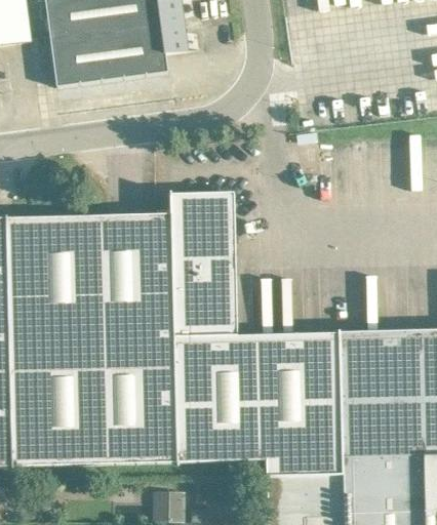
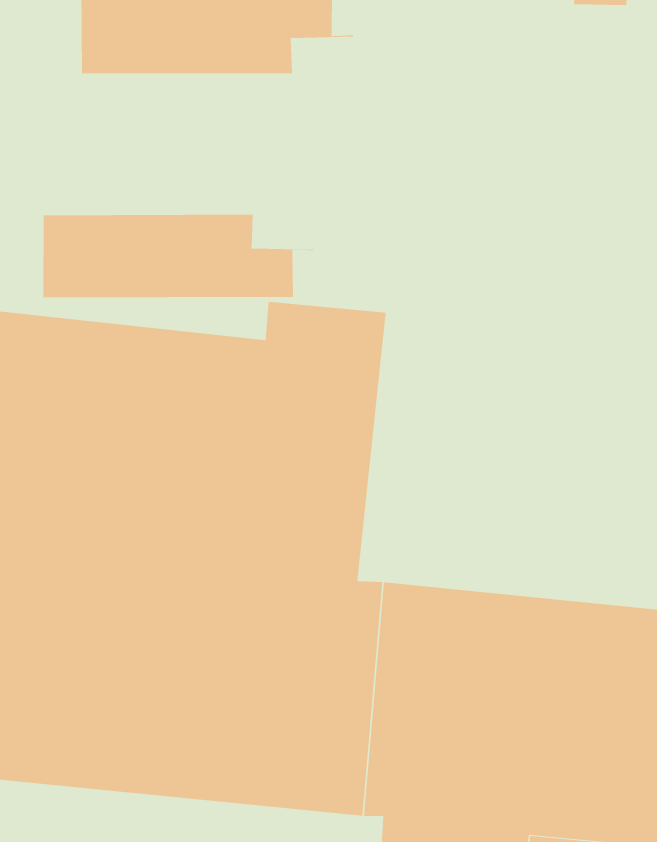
building: none -> [43,214,314,298]

